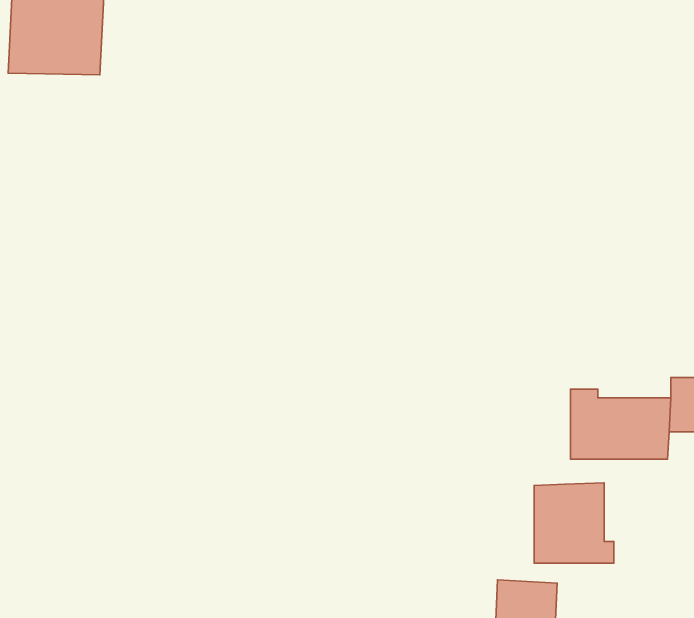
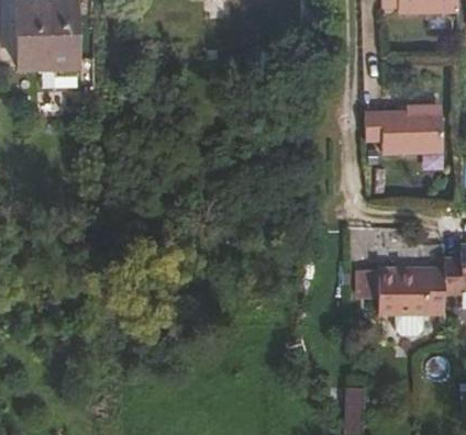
building: none -> [360,105,443,147]
building: [534,483,614,563] -> none

